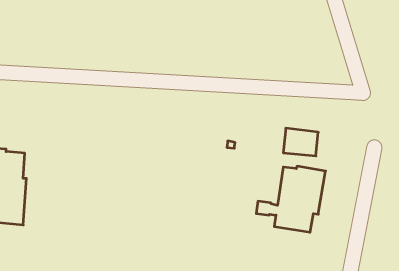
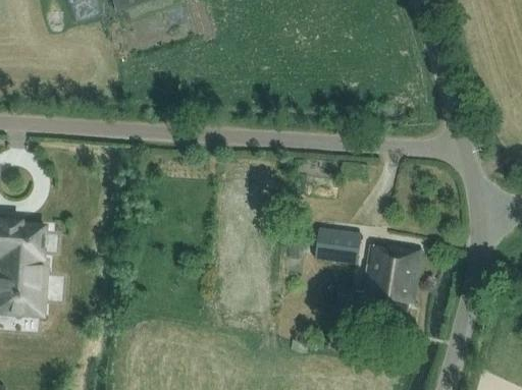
building: [283,128,318,156] -> [316,228,360,263]

